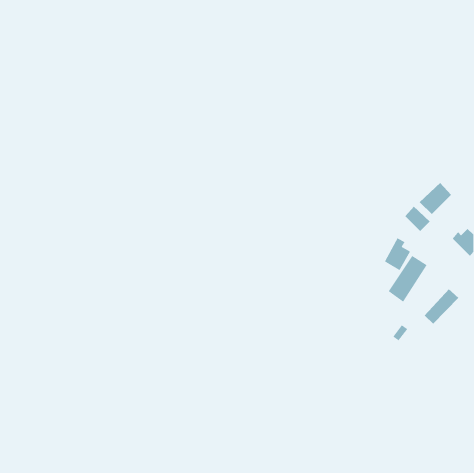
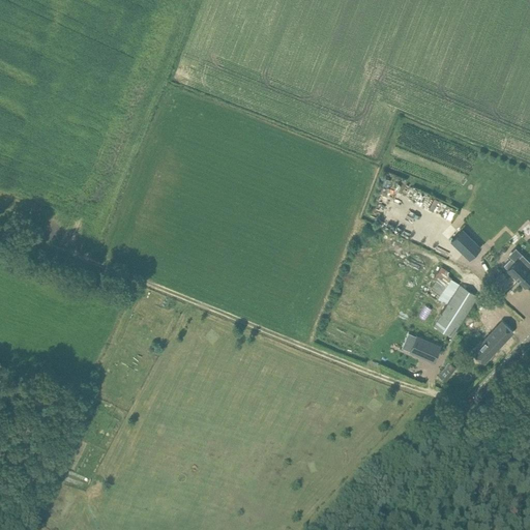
building: [419,182,452,215] -> none
building: none -> [410,336,440,362]

